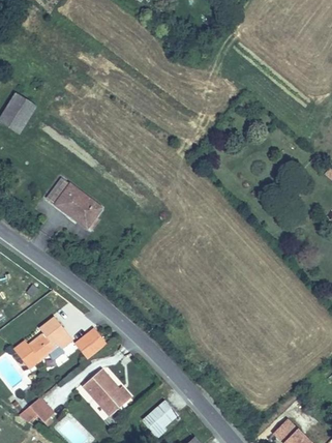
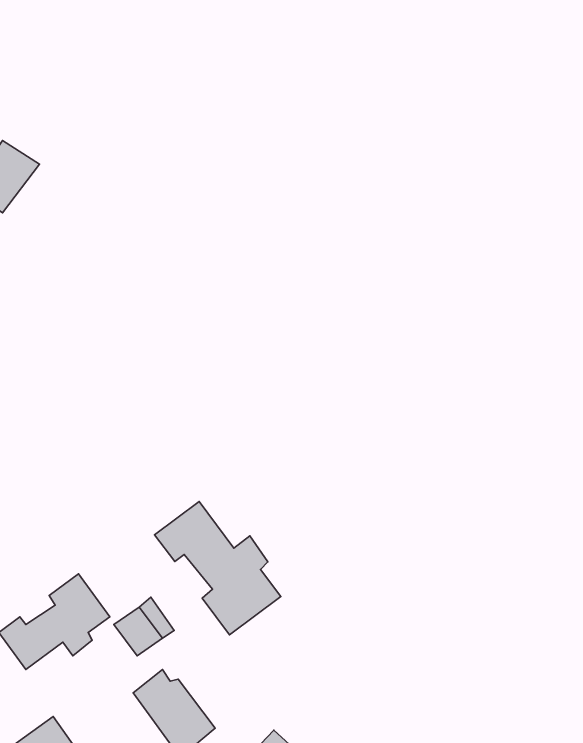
building: [55,179,101,218] -> none
building: none -> [155,502,281,635]

